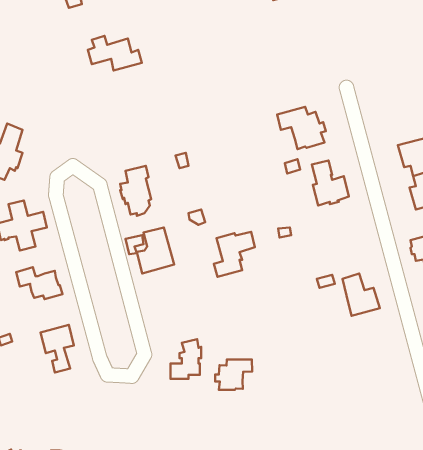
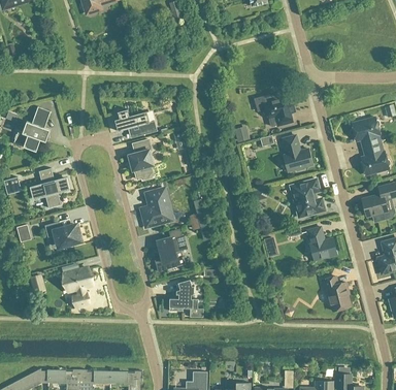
building: [88,36,142,70] -> [113,108,157,136]
building: none -> [290,178,324,217]
building: [214,232,255,277] -> [154,235,187,271]
building: none -> [321,275,350,311]
building: [215,359,252,390] -> none

